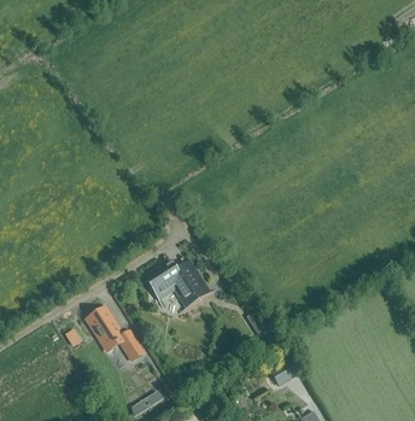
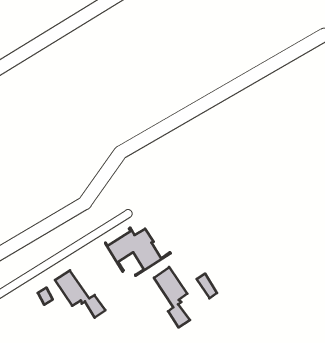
building: none -> [154,267,190,327]

